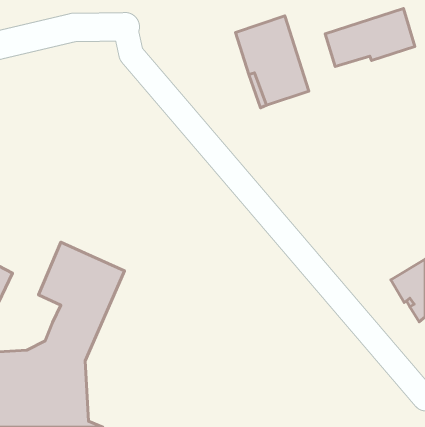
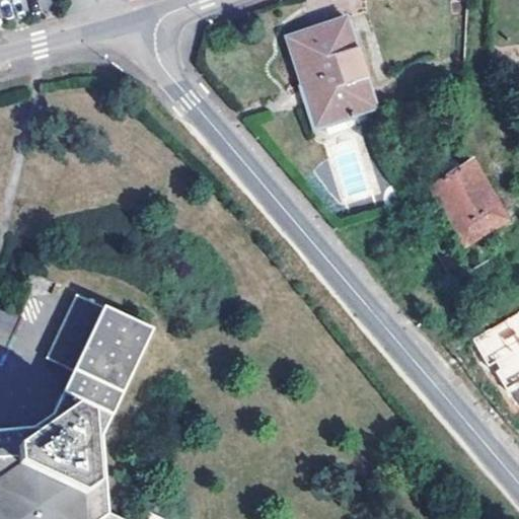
building: [325,8,415,66] -> none
building: none -> [432,161,507,244]

